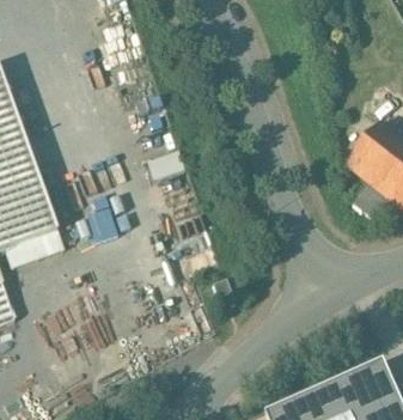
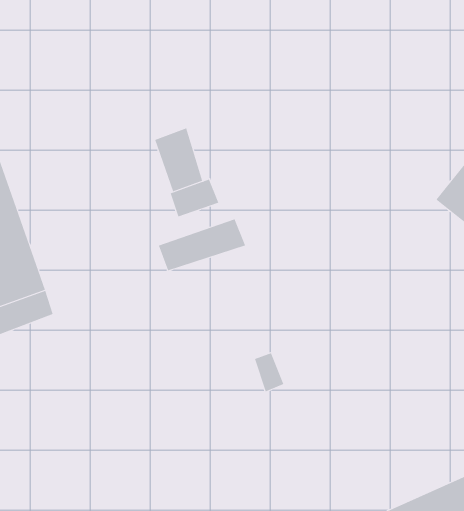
building: none -> [155,128,203,192]
building: none -> [158,218,246,271]

